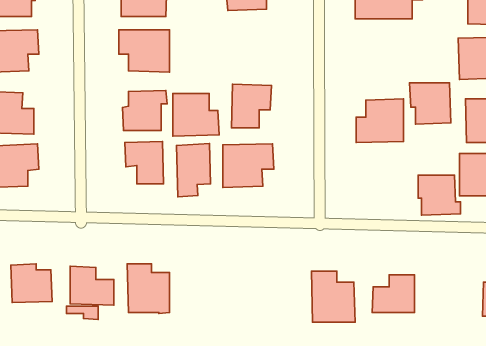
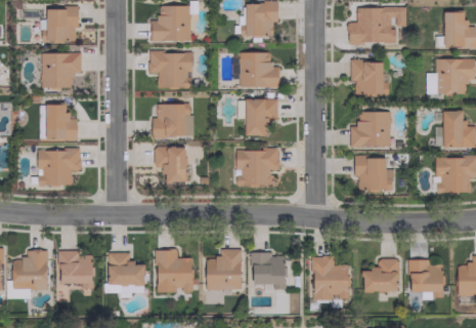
building: [410,83,451,124] -> [350,60,385,95]
building: [173,94,219,136] -> [241,52,279,88]
building: [177,144,211,197] -> none
building: [418,175,460,215] -> [355,157,391,191]
building: none -> [207,250,242,289]
building: none -> [252,252,286,286]
building: none -> [408,258,443,292]

